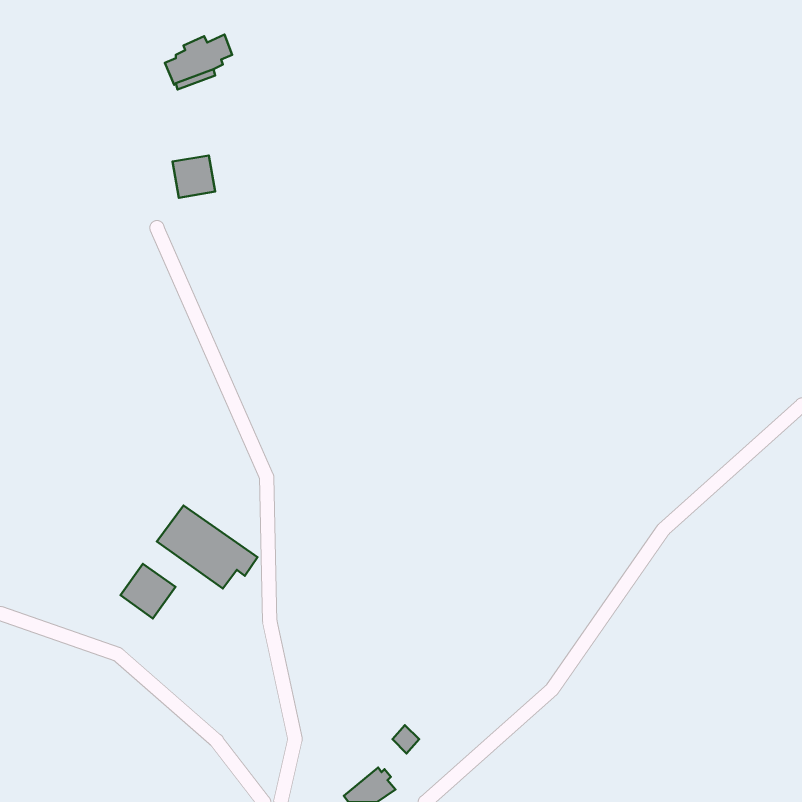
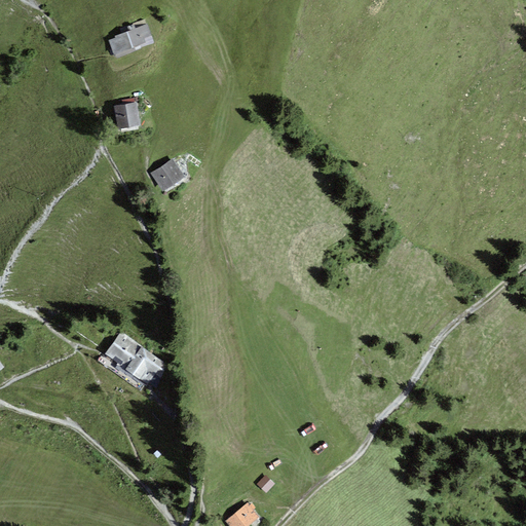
building: none -> [150,158,185,191]
building: [120,564,175,618] -> none

